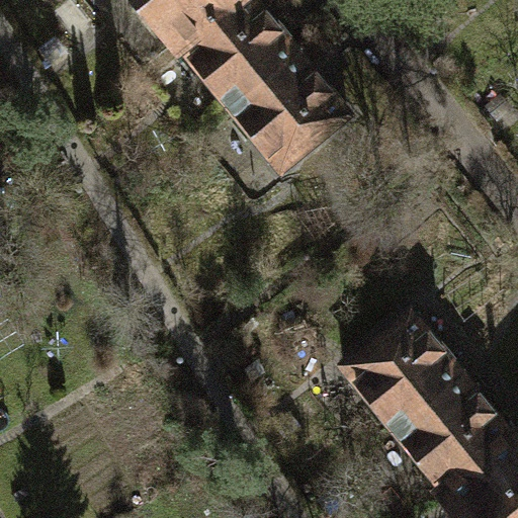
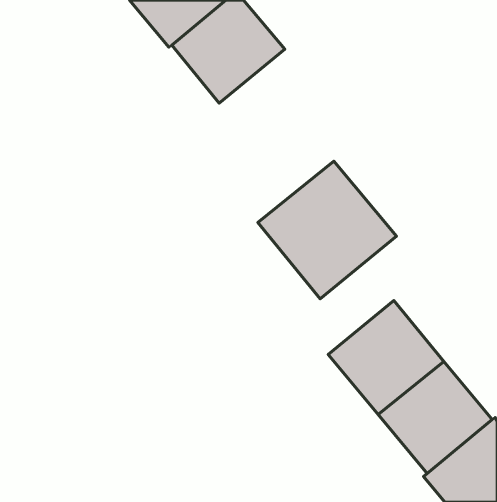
building: [226,51,345,168] -> none
building: none -> [258,161,397,299]

